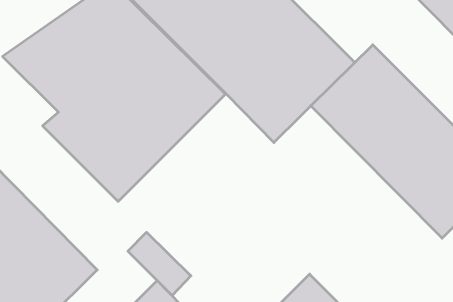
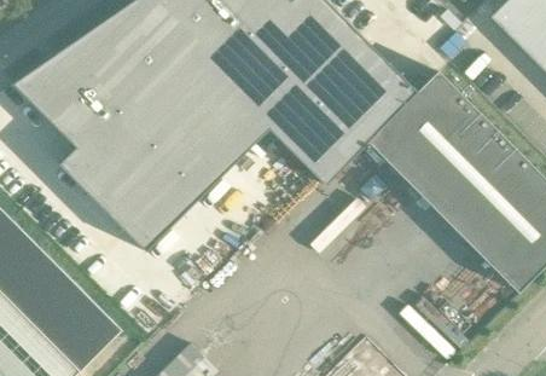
building: [128,232,191,295] -> none

